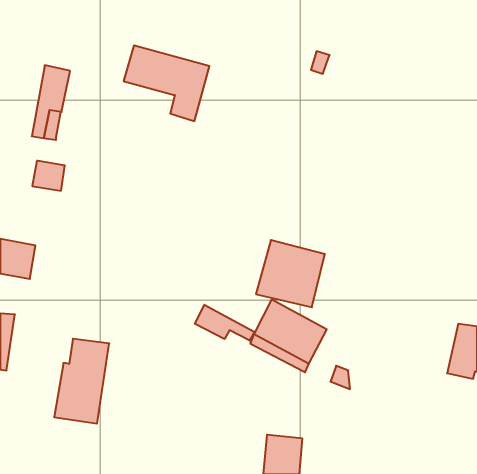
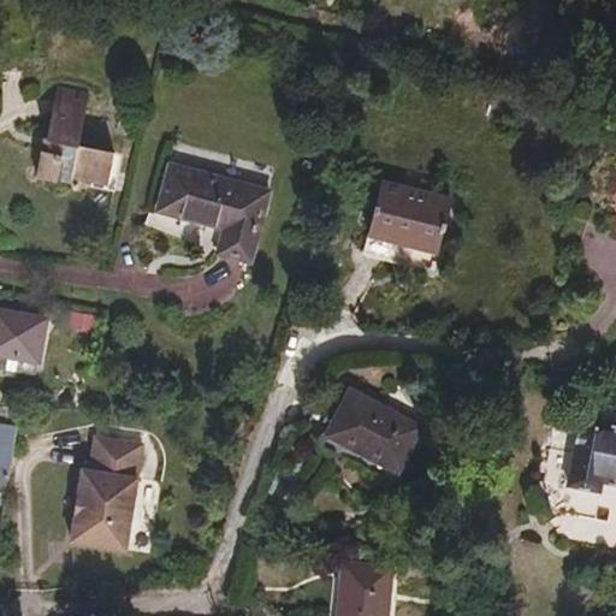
building: [124,46,209,121] -> [159,162,270,260]
building: [32,161,65,191] -> [72,144,114,183]
building: [256,240,325,307] -> [363,180,452,267]
building: [195,305,255,341] -> none

